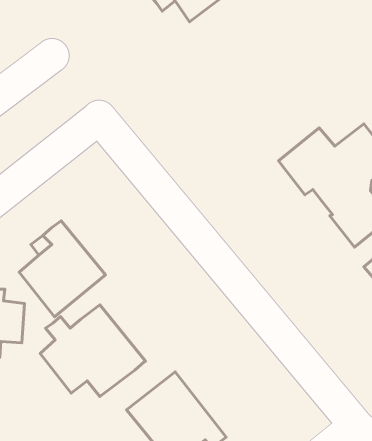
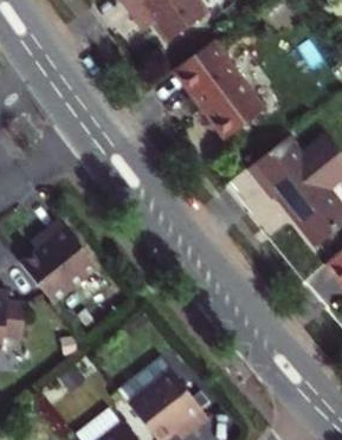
building: none -> [176,40,267,137]
building: [40,305,145,397] -> none

